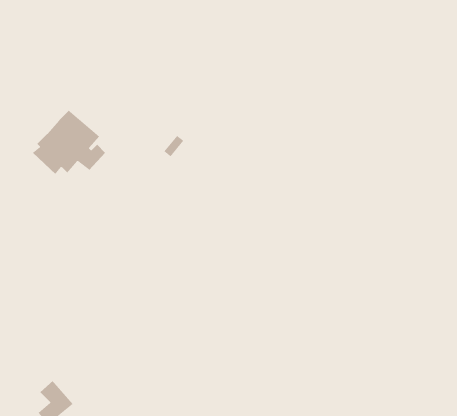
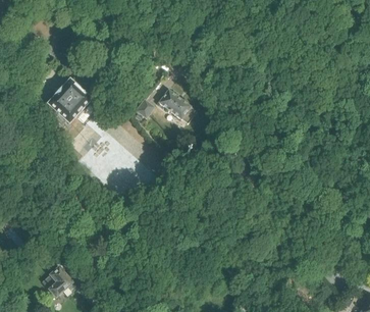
building: none -> [158,88,196,121]

